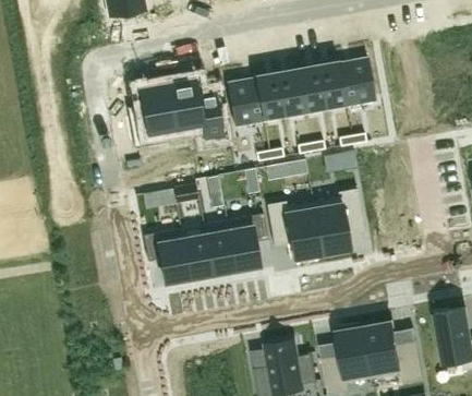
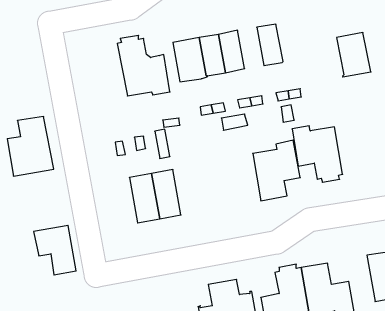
building: [338,59,375,107] -> [337,33,371,77]
building: [296,68,325,112] -> none
building: [128,85,178,149] -> [7,117,54,176]
building: [267,203,322,264] -> [292,126,343,182]
building: [227,215,268,271] -> none
building: [143,230,189,284] -> [34,225,76,275]

